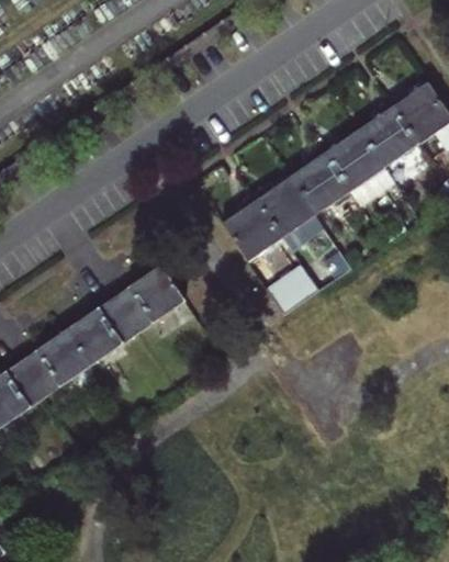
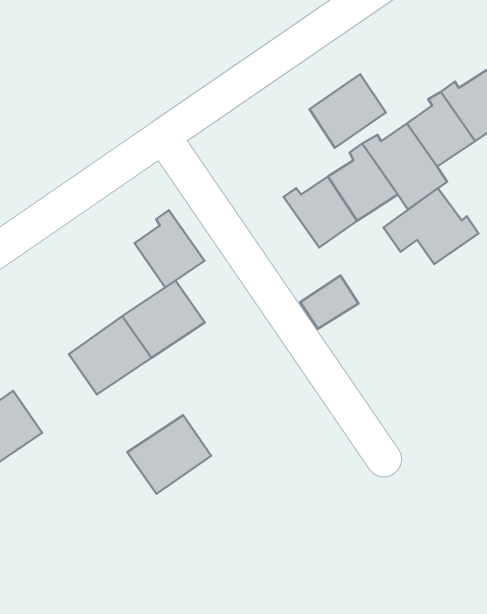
building: none -> [309,74,386,148]
building: none -> [384,188,479,264]
building: [223,193,283,260] -> [135,210,204,288]
building: [19,329,91,397] -> [127,415,211,494]

